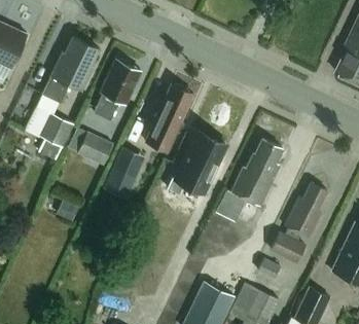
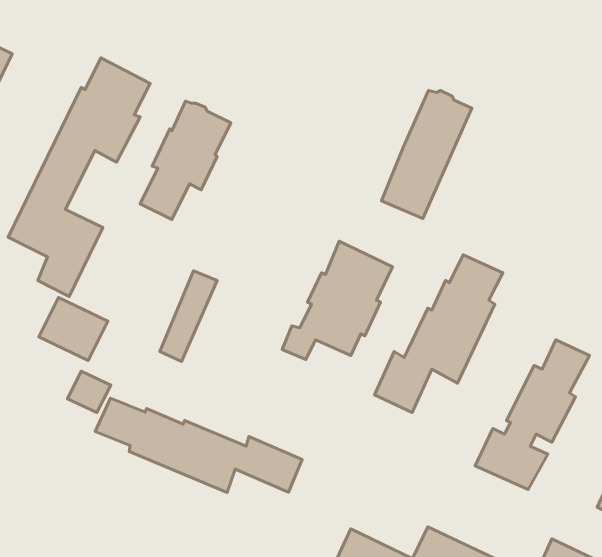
building: [146,84,193,151] -> [381,90,472,219]
building: [77,133,113,166] -> [39,297,108,361]
building: none -> [95,398,302,493]

